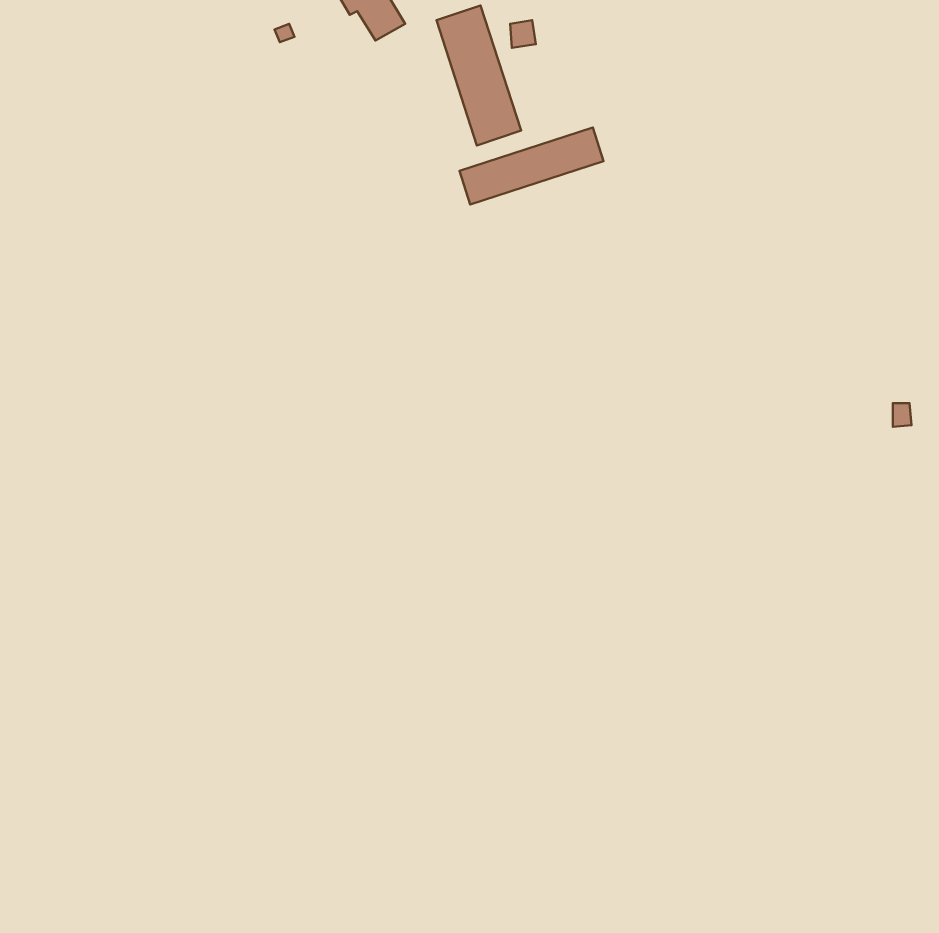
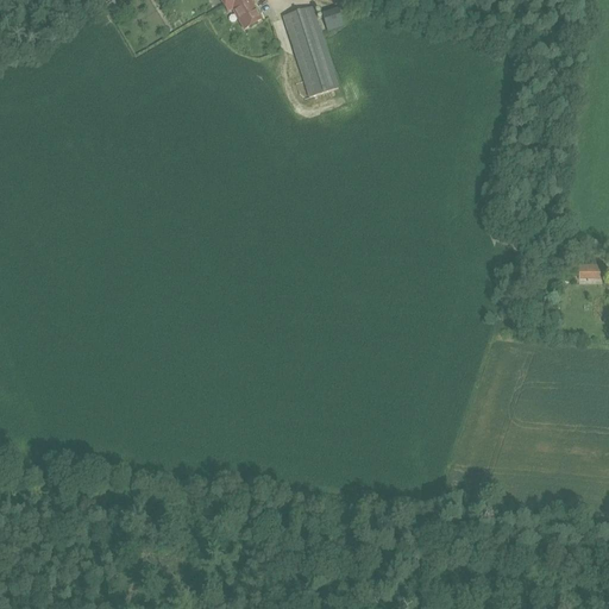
building: [460,128,603,204] -> none

